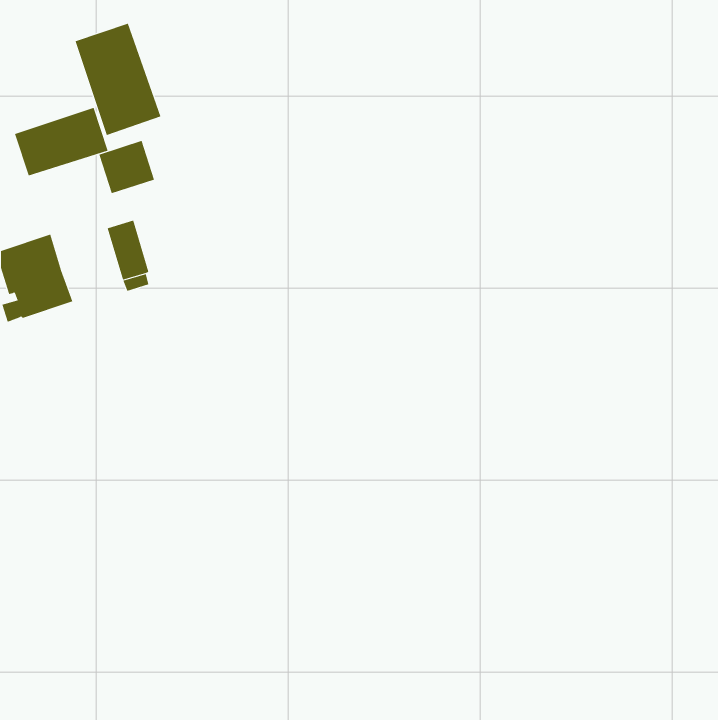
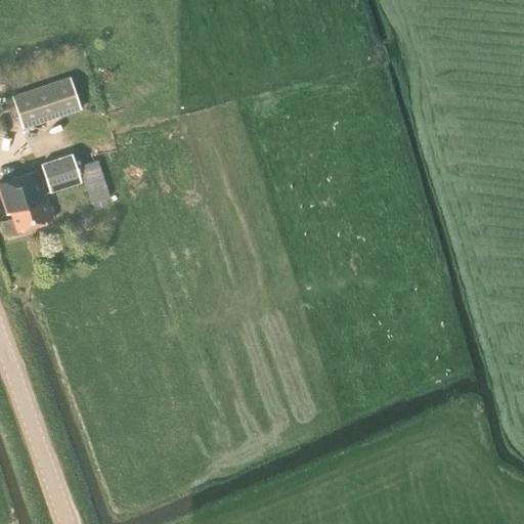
building: [75,23,161,136] -> none
building: [99,140,155,194] -> [40,154,81,192]

